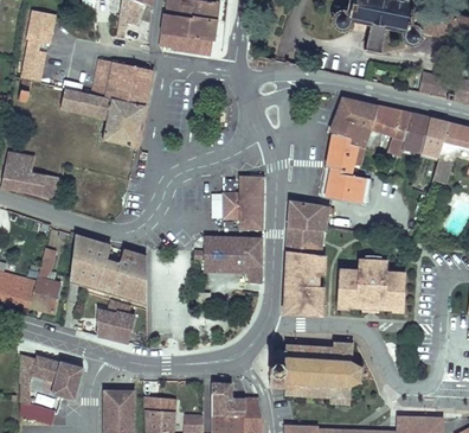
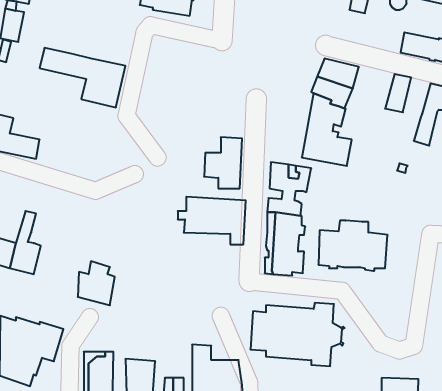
building: [92,58,153,104] -> none
building: [372,106,413,155] -> none
building: [422,116,449,155] -> none
building: [70,236,147,307] -> none

